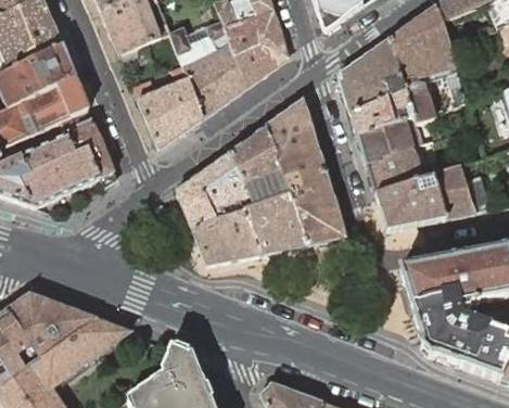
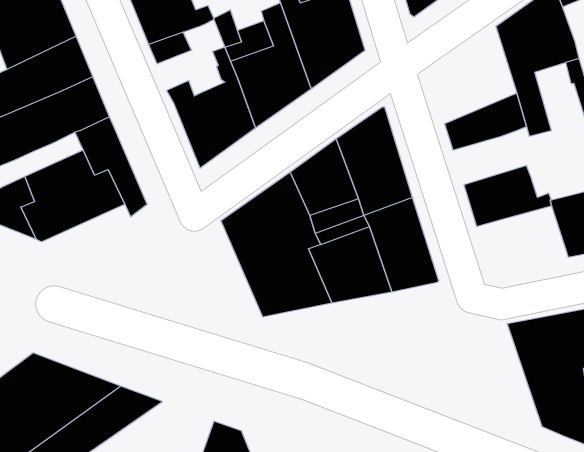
building: [338,37,406,113] -> none
building: [356,118,413,161] -> none
building: [374,177,446,229] -> none

